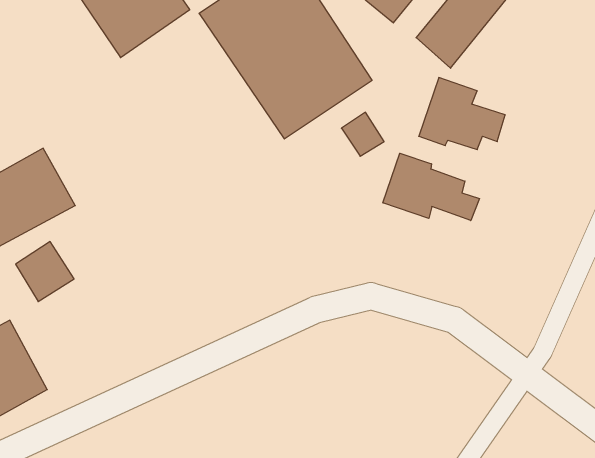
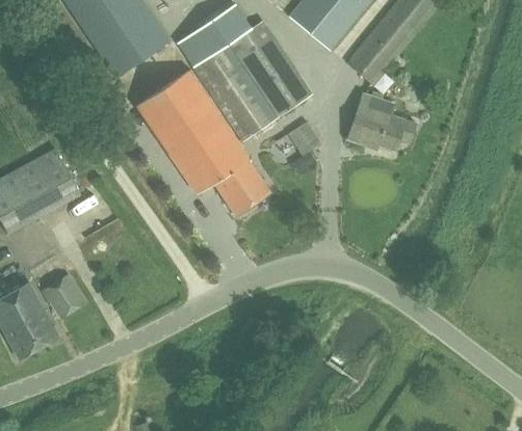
building: none -> [137,70,270,213]
building: [383,153,479,221] -> none
building: [16,242,74,302] -> [42,272,87,319]

